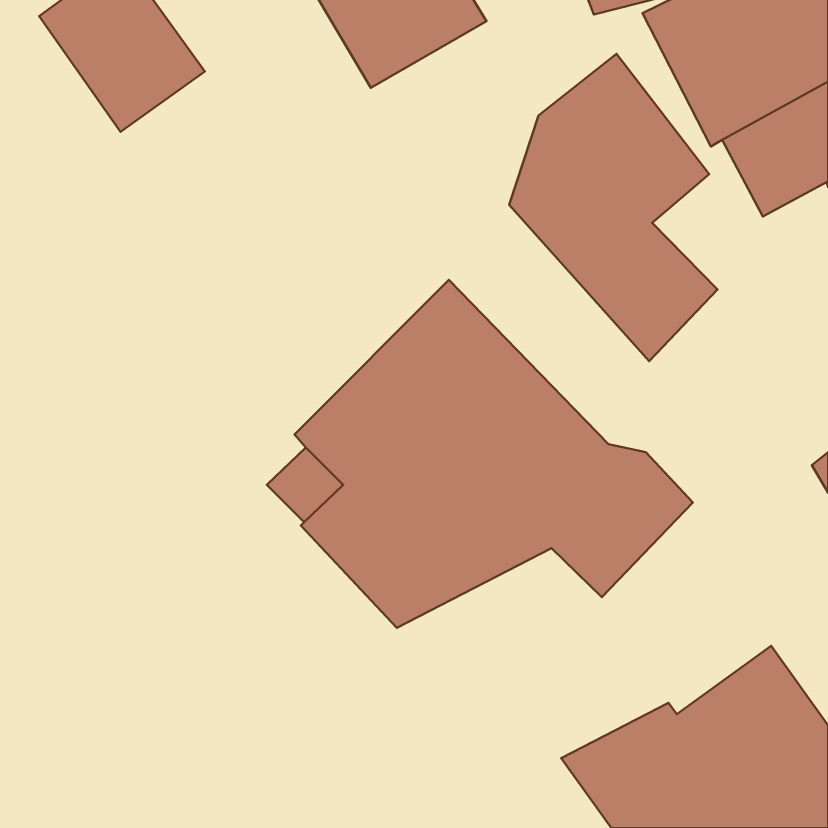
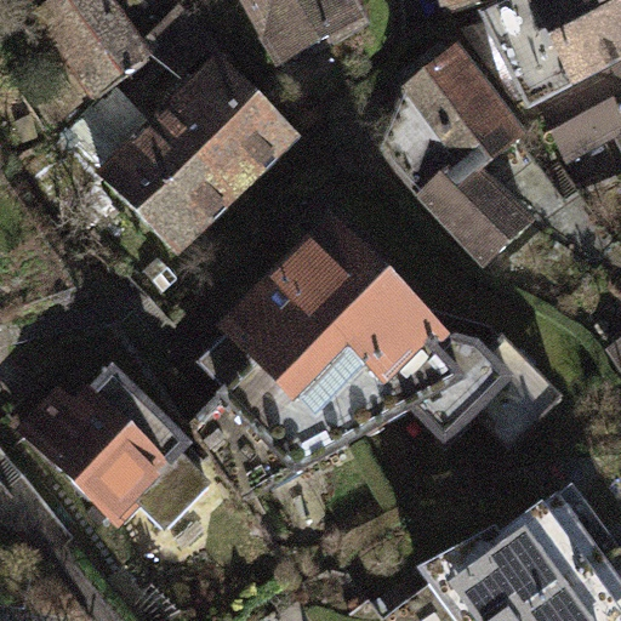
building: none -> [96,49,304,255]
building: none -> [11,361,216,534]

